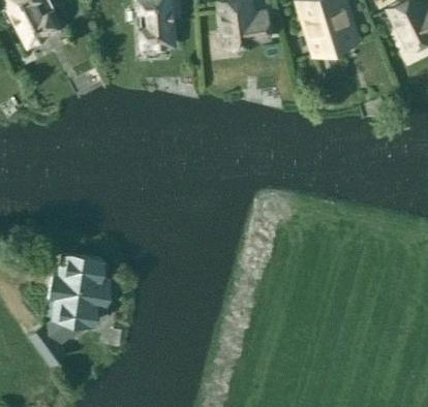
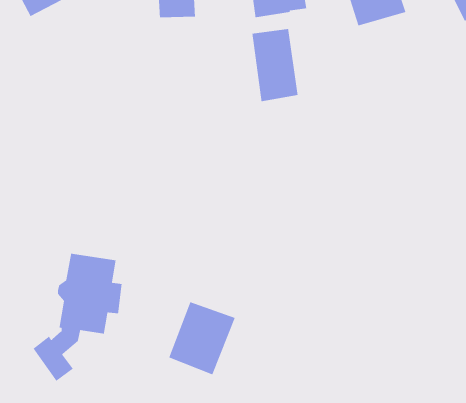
building: none -> [252,28,299,102]
building: none -> [168,301,236,375]

